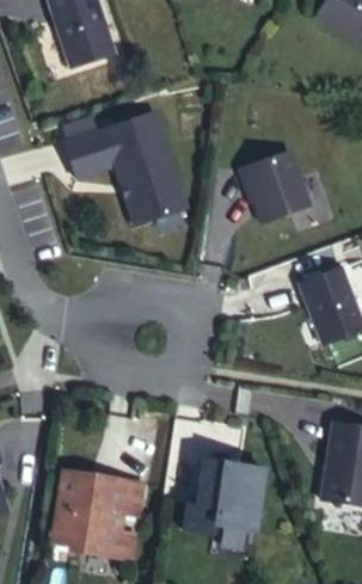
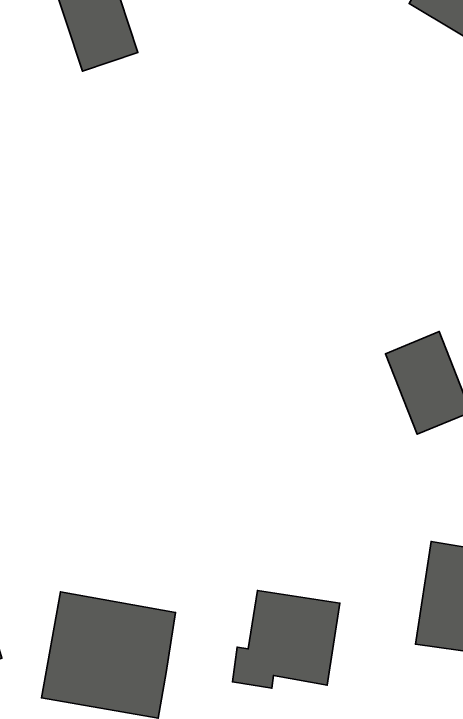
building: [63,112,186,226] -> none
building: [246,150,308,219] -> none

